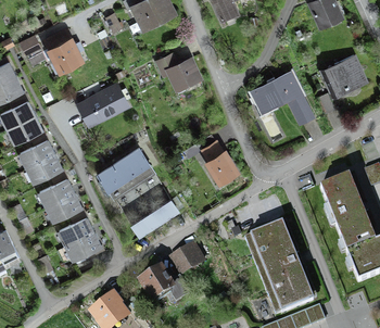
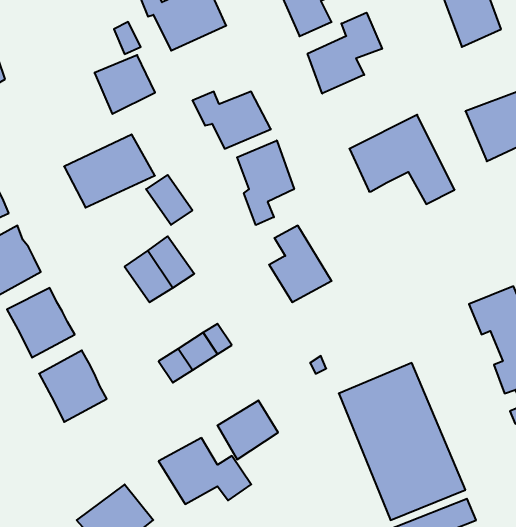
building: none -> [308,13,382,94]
building: [43,38,80,74] -> [94,55,155,114]
building: none -> [237,140,294,225]
building: [99,163,127,193] -> [146,175,192,225]

